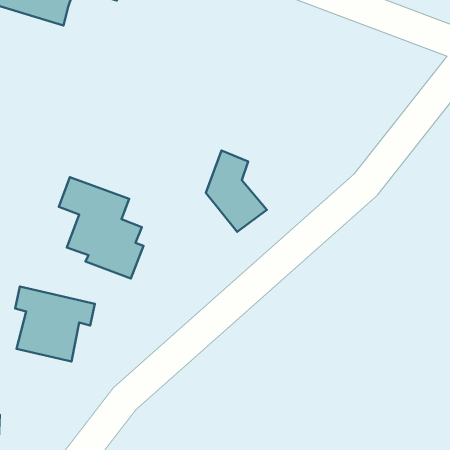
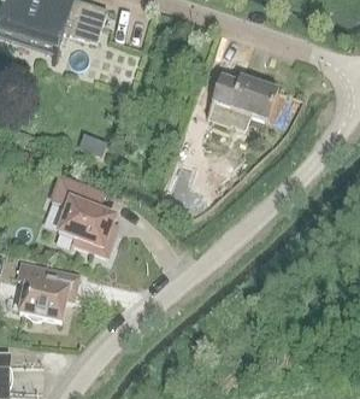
building: none -> [207,76,277,128]

